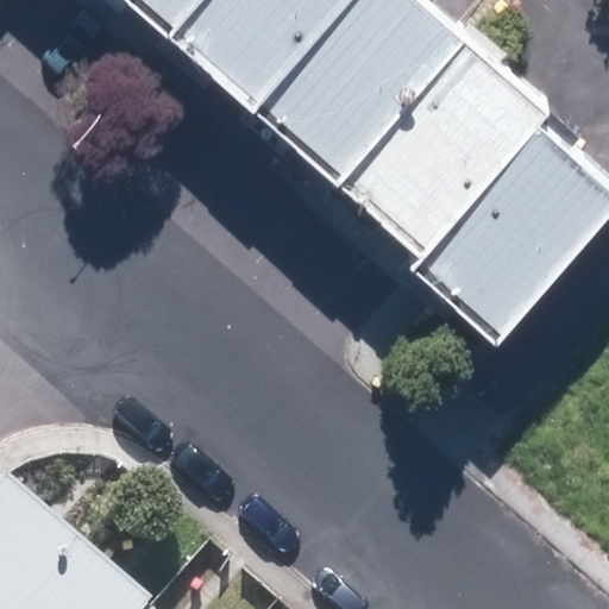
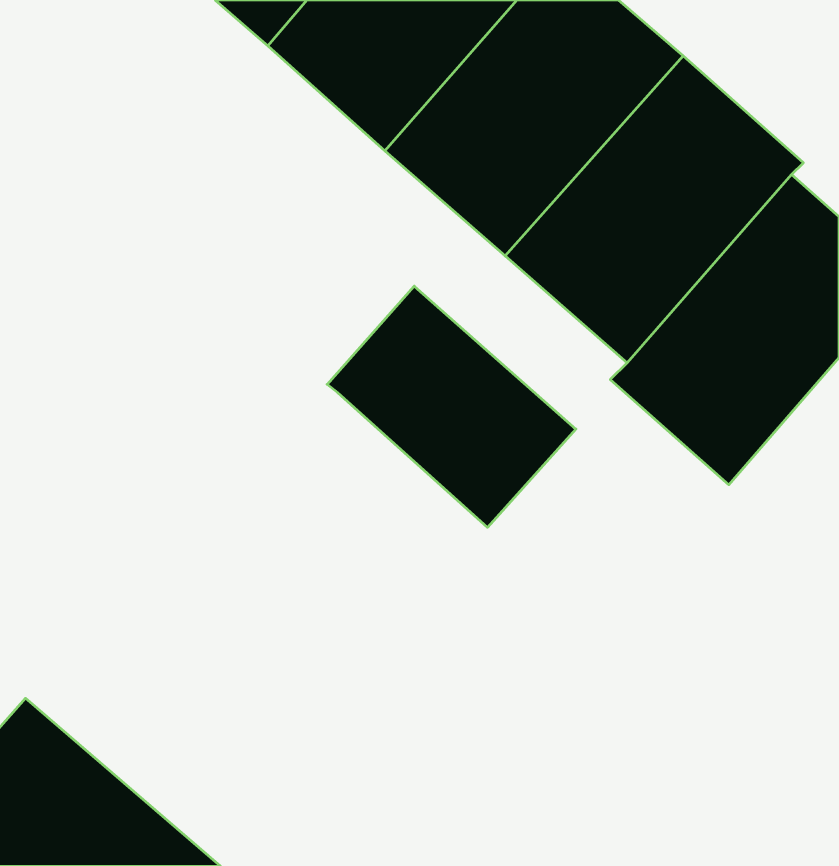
building: none -> [327,286,576,527]

